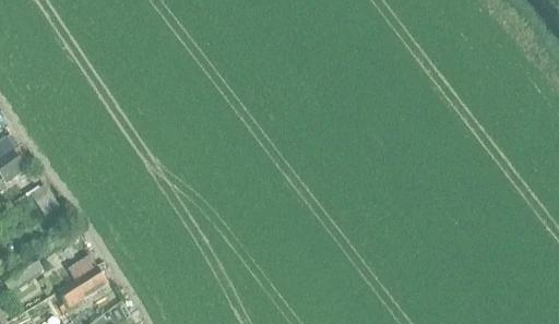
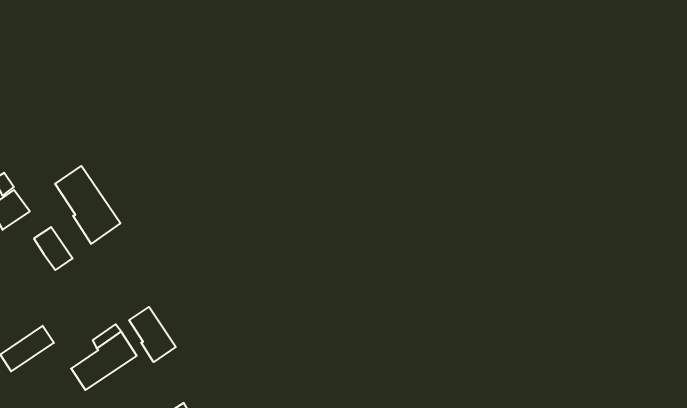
building: none -> [55,166,120,244]
building: none -> [129,307,176,362]

